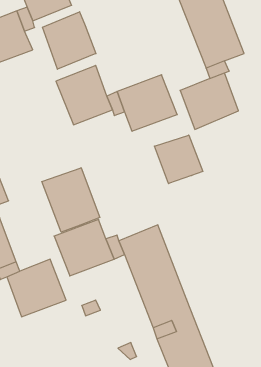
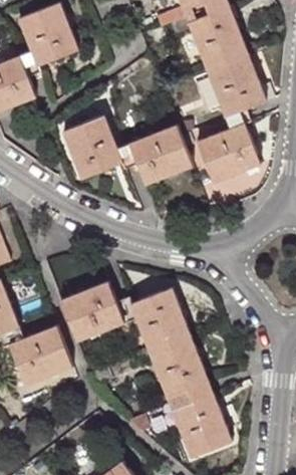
building: [42,12,96,69] -> none
building: [154,135,203,184] -> none
building: [42,168,100,232] -> none

